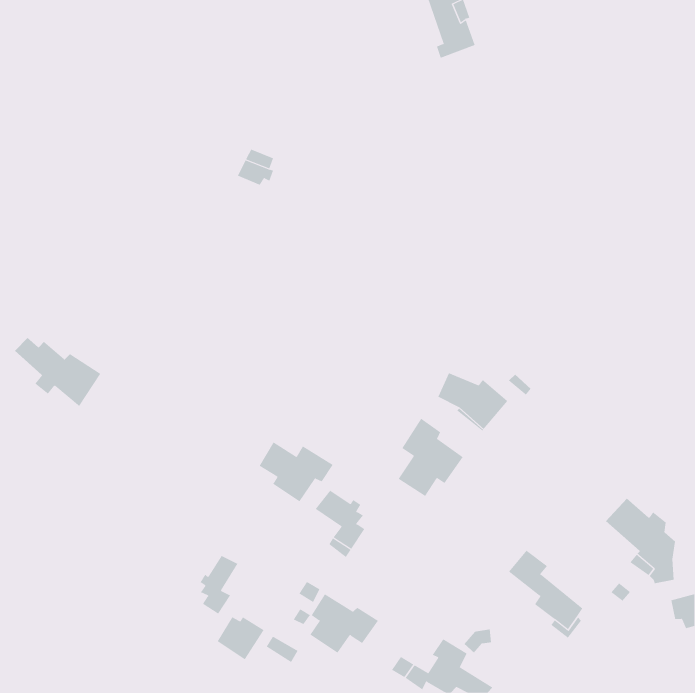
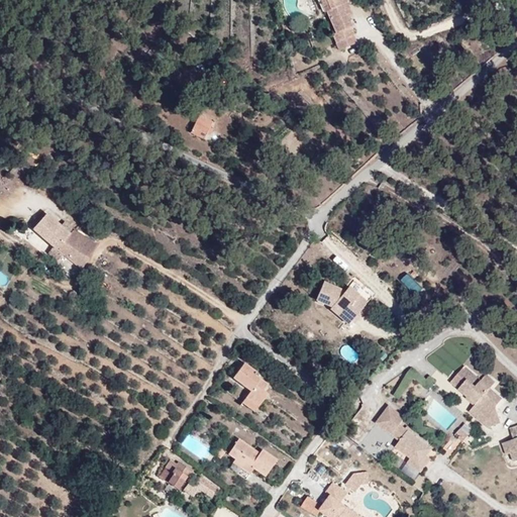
building: [14,337,101,407] -> [28,211,93,263]
building: [398,418,464,497] -> none
building: [259,442,334,502] -> none
building: [200,555,238,614] -> none

